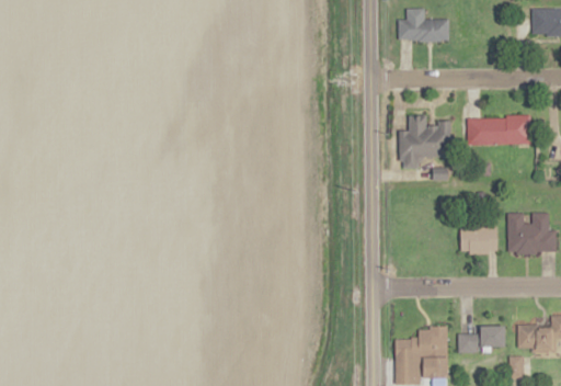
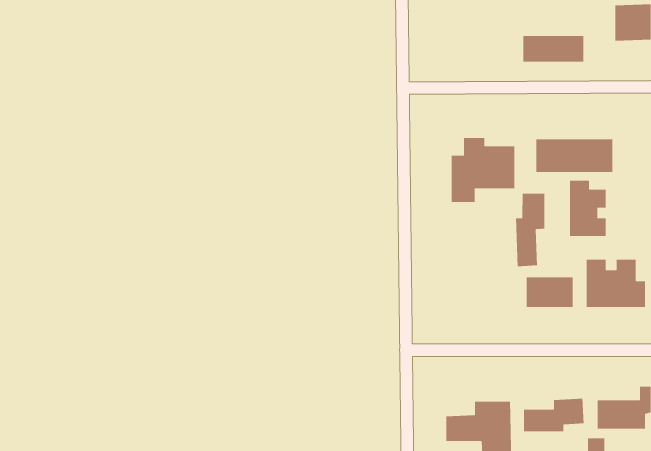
building: [398,20,447,42] -> [523,35,584,62]
building: none -> [569,180,606,237]
building: none -> [515,193,545,267]

